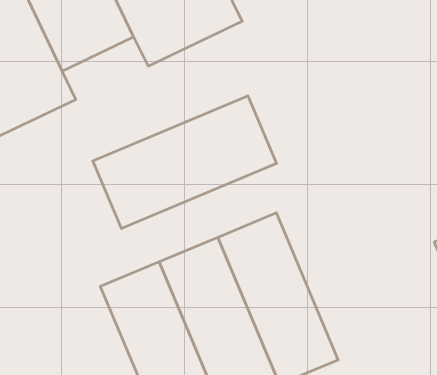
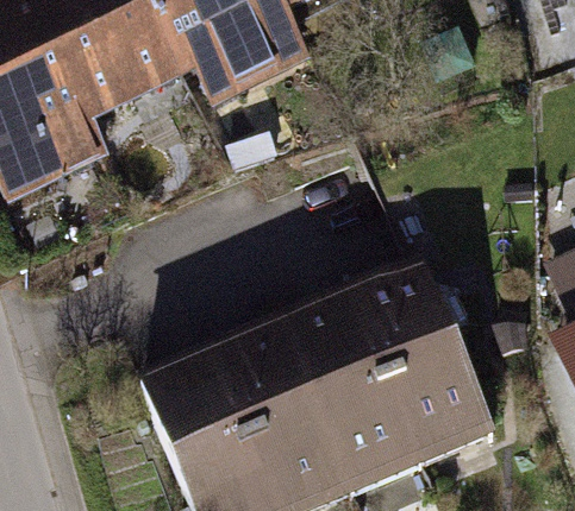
building: [93,96,277,229] -> none
building: none -> [355,275,501,484]

